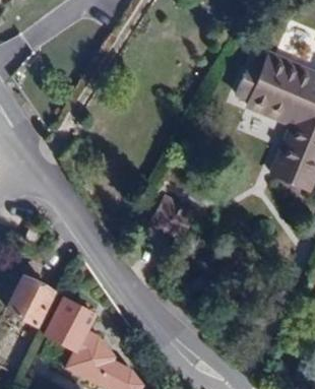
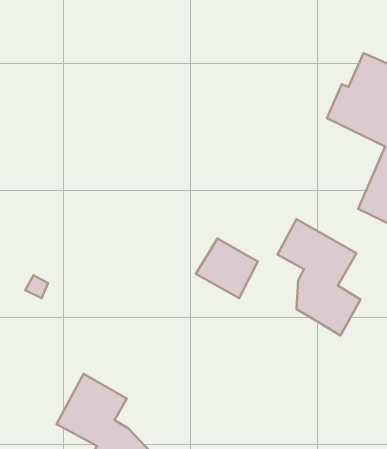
building: none -> [277,219,361,335]
building: [7,274,53,324] -> none

